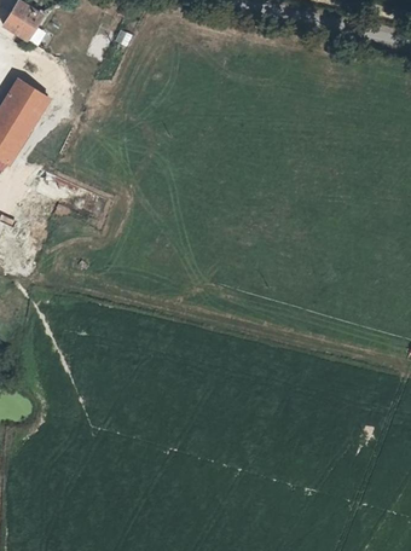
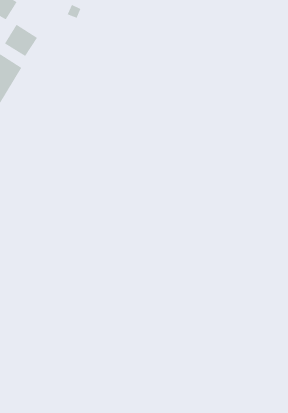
building: none -> [4,24,38,57]

